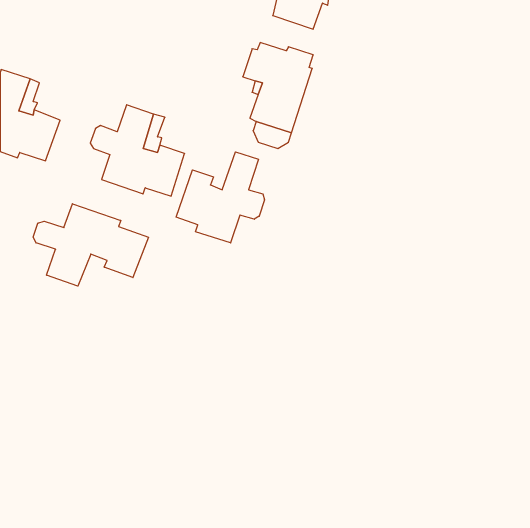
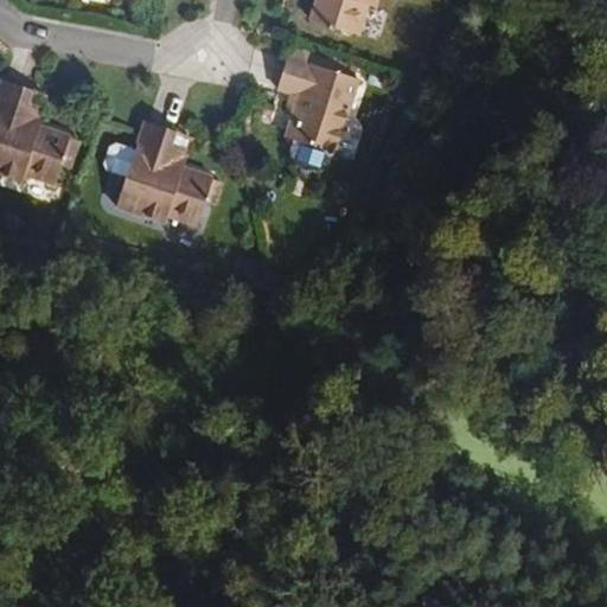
building: [176,152,264,243] -> none
building: [33,204,148,286] -> none

